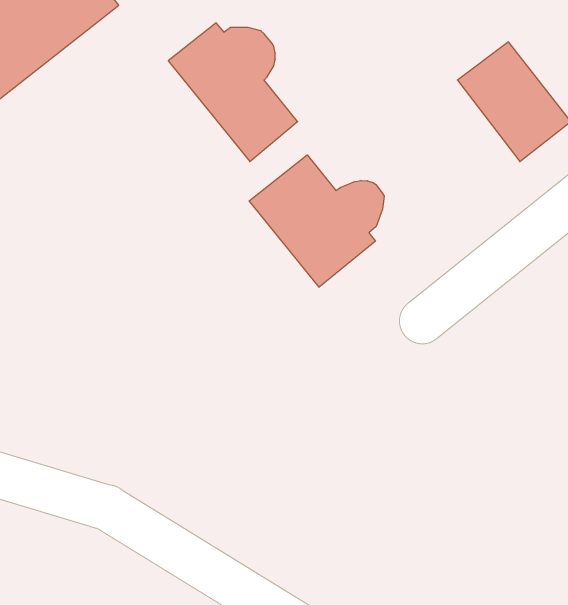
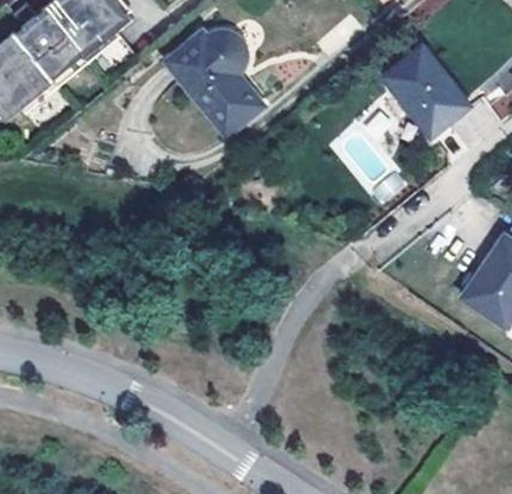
building: [249,155,384,287] -> none

